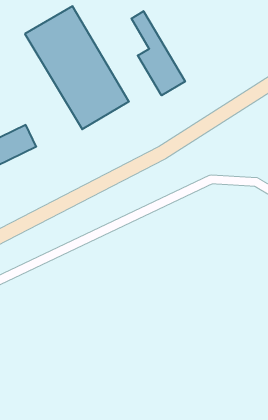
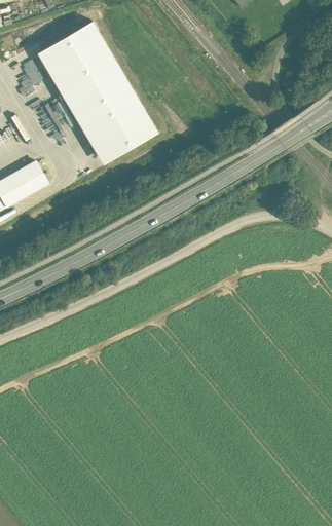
building: [131,11,185,95] -> none

